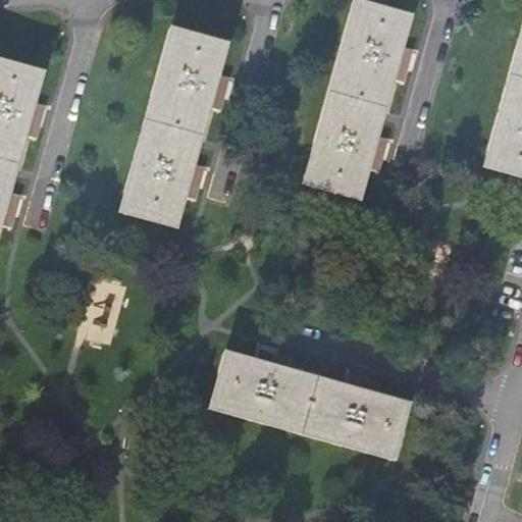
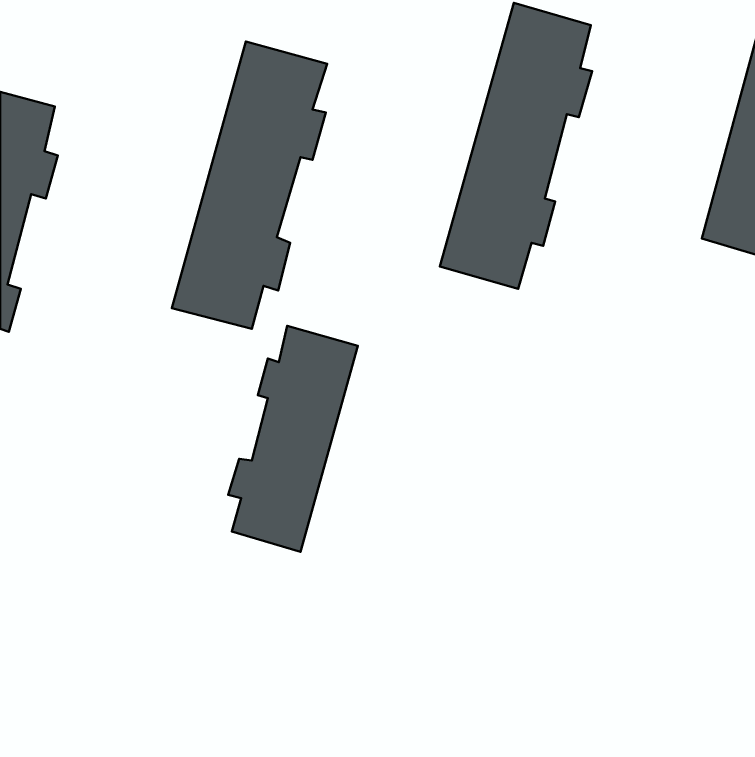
building: none -> [228,326,358,552]
building: [211,354,406,458] -> none

